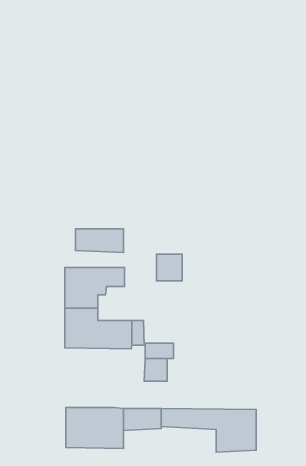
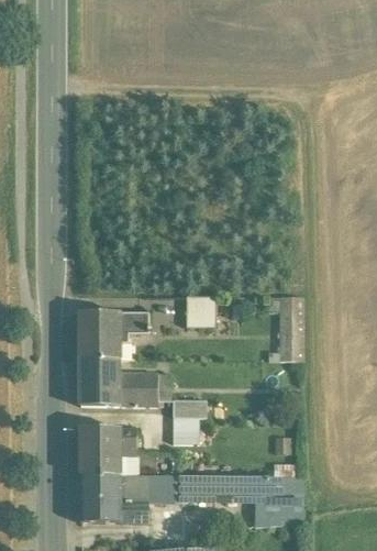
building: [75,229,124,253] -> none
building: none -> [279,299,300,361]
building: none -> [78,427,135,474]

